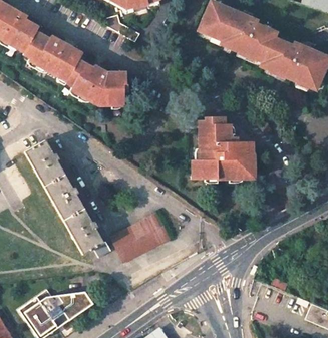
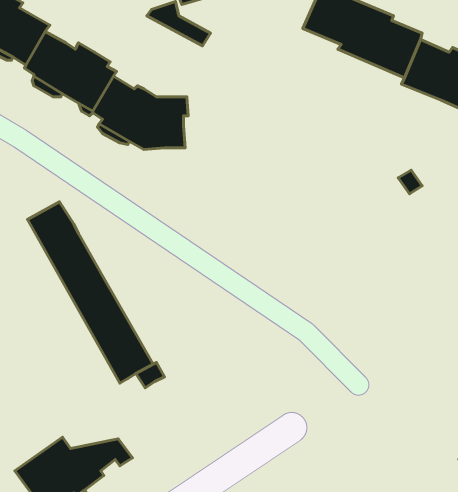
building: [191,117,255,179] -> none
building: [111,213,171,262] -> none

